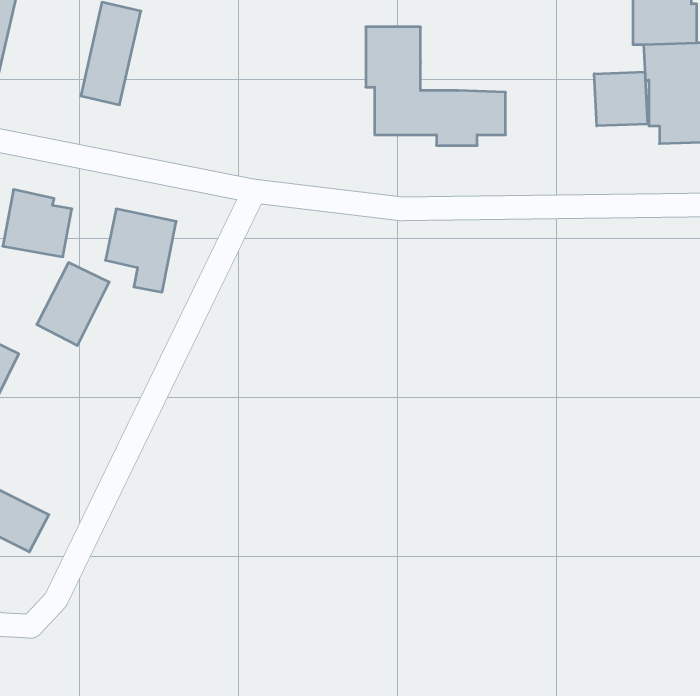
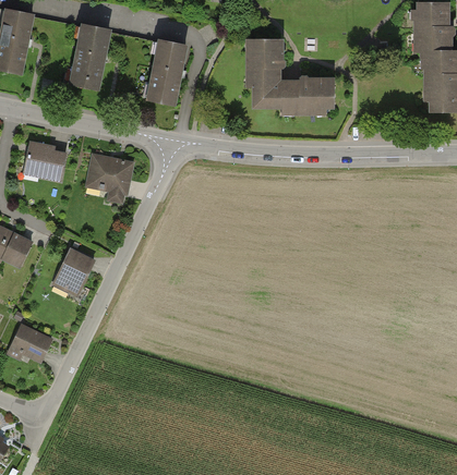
building: none -> [146,40,185,103]
building: [594,72,647,126] -> none
building: [37,263,109,346] -> [51,247,96,299]

